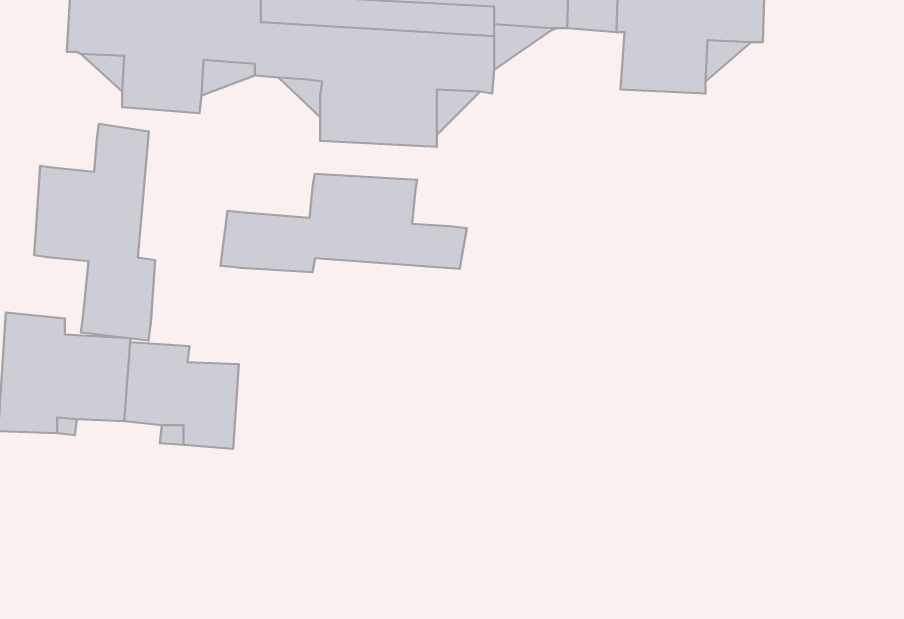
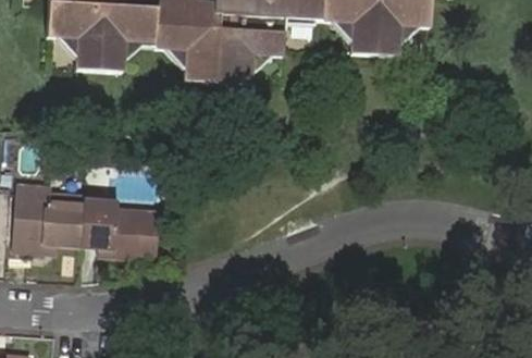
building: [34,124,155,340] -> none
building: [220,174,467,272] -> none

